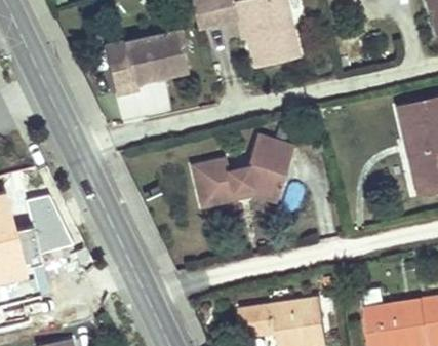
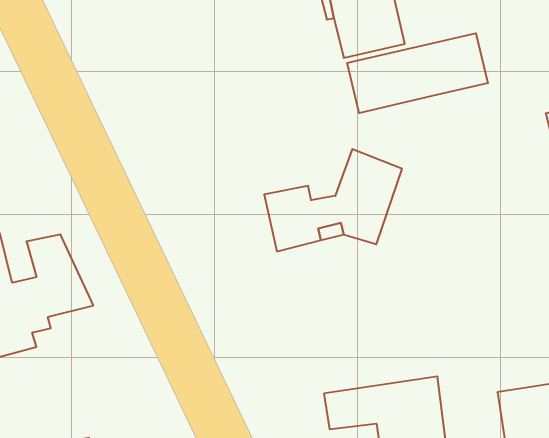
building: [105,31,185,97] -> none
building: none -> [347,33,488,113]

